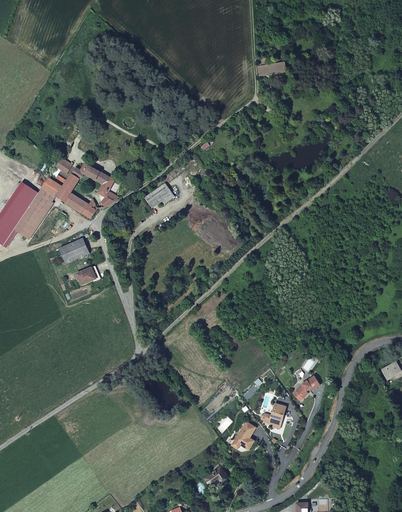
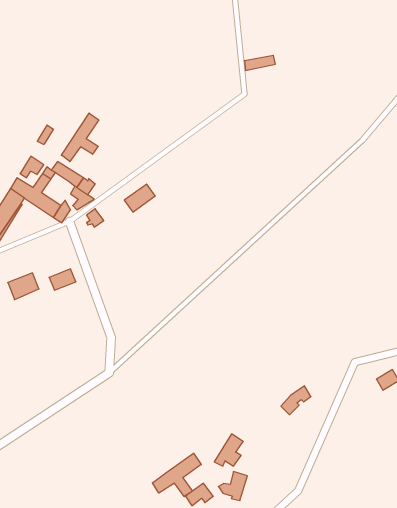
building: none -> [61,113,99,162]
building: [61,237,90,262] -> [8,273,39,300]
building: [260,400,287,427] -> [218,472,247,501]
building: none -> [152,453,201,497]

